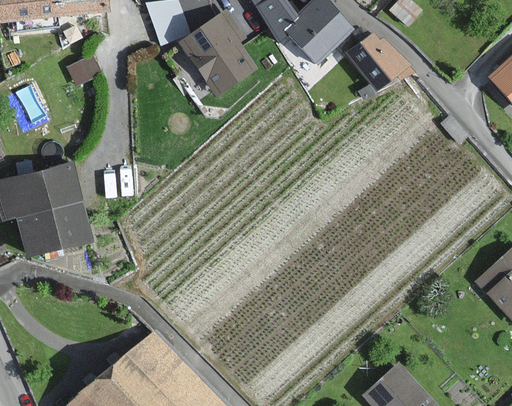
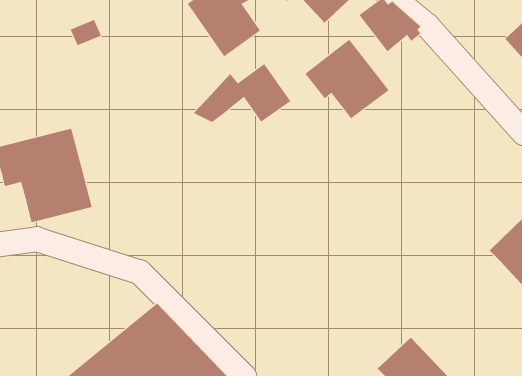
building: none -> [305,39,390,119]
building: none -> [193,63,291,123]

